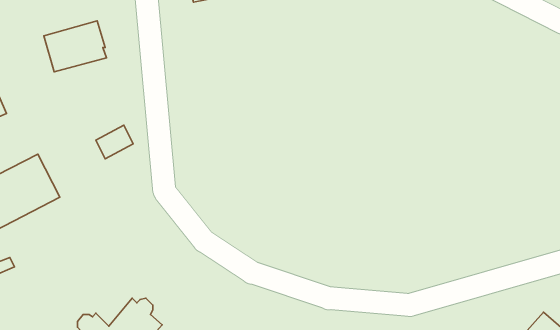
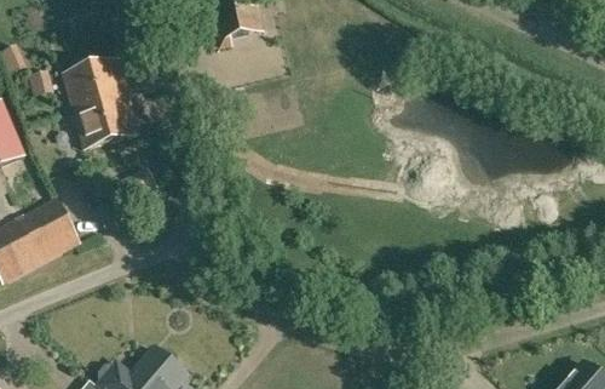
building: none -> [74,96,138,148]

